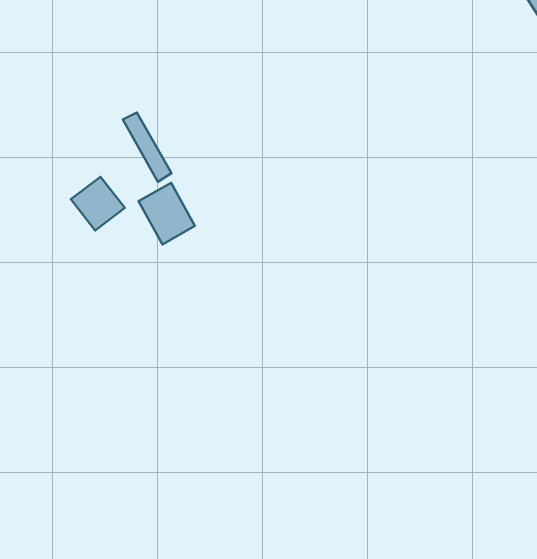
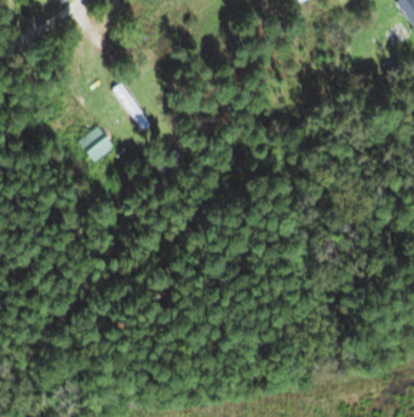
building: [138,183,195,244] -> none

